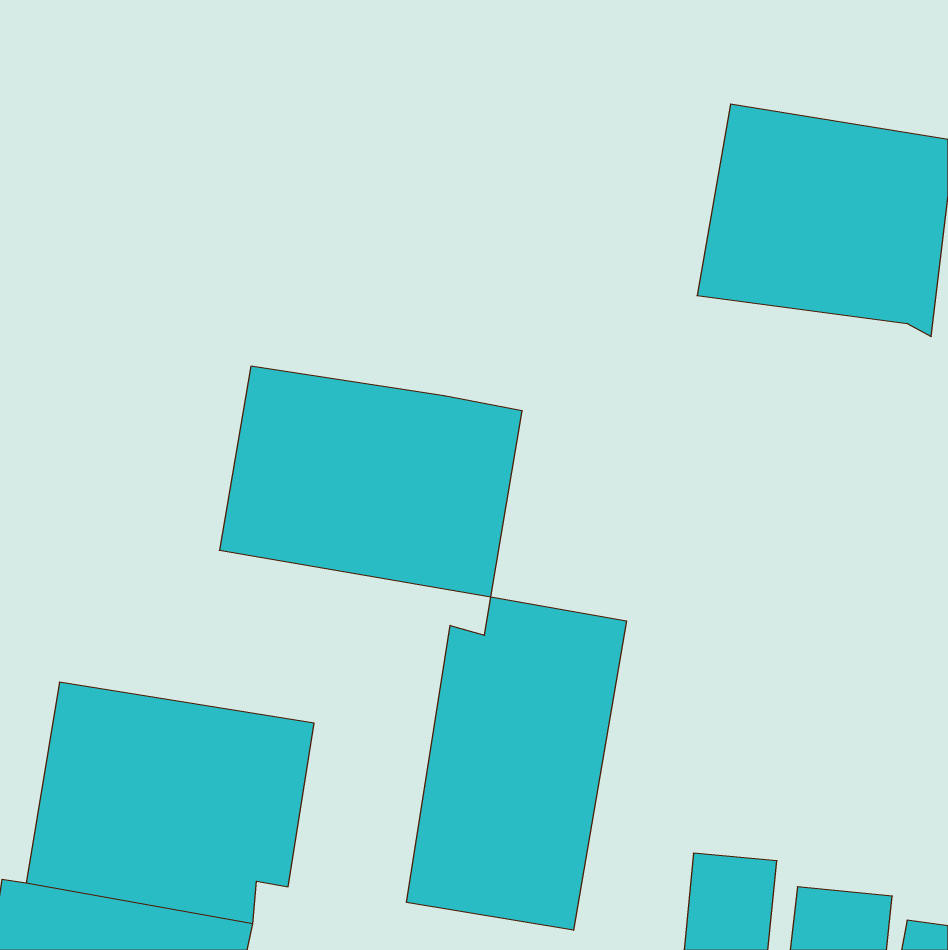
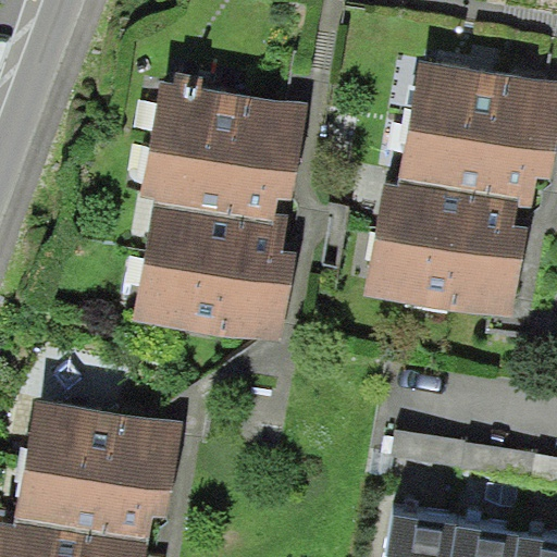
building: none -> [129,88,304,232]
building: none -> [371,172,531,306]
building: [407,597,626,930] -> none

